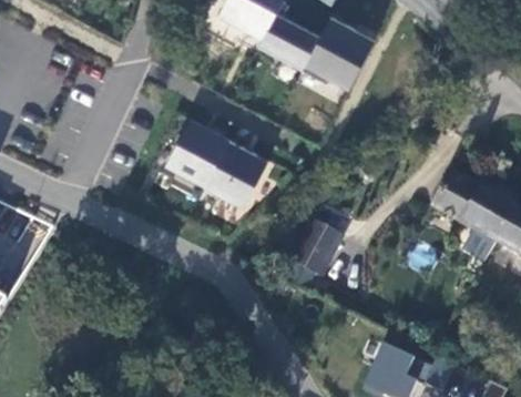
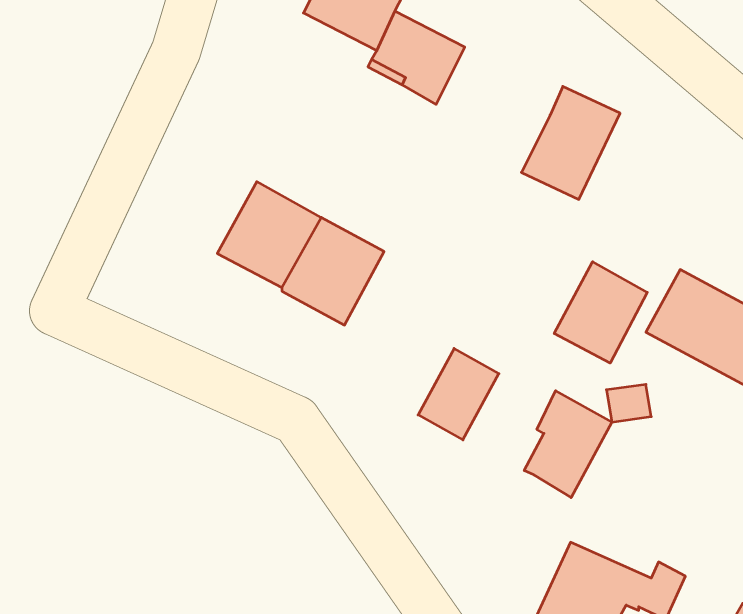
building: [300,19,361,89] -> [521,86,620,199]
building: none -> [554,262,647,363]
building: none -> [524,391,612,498]

